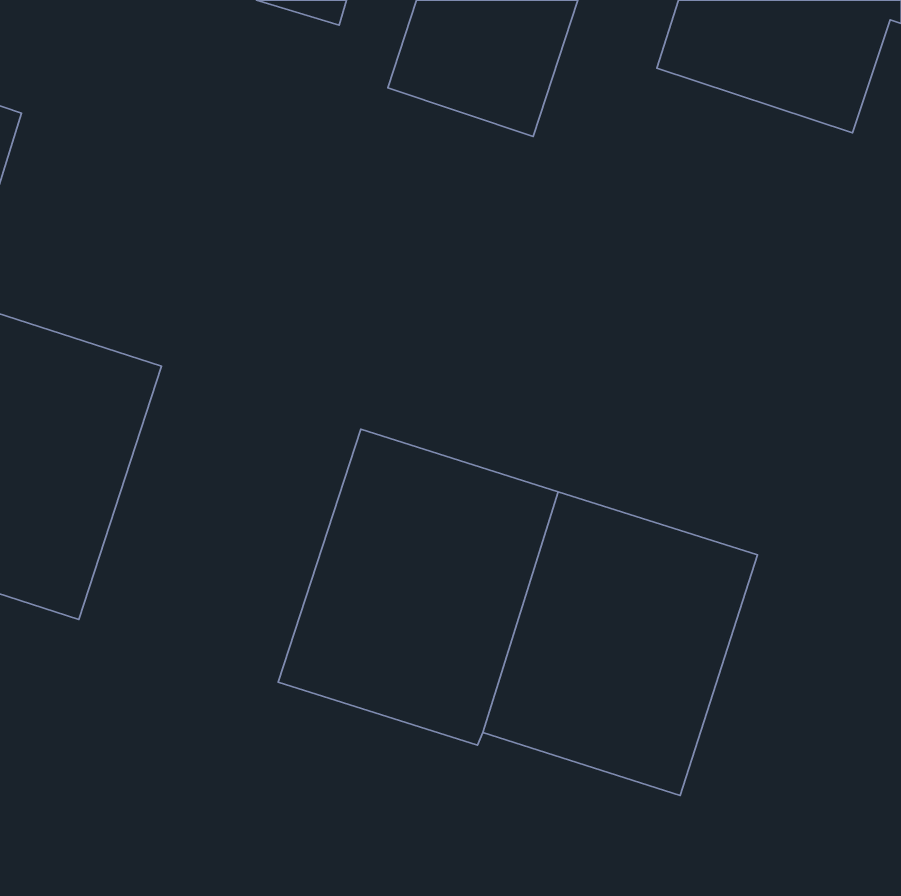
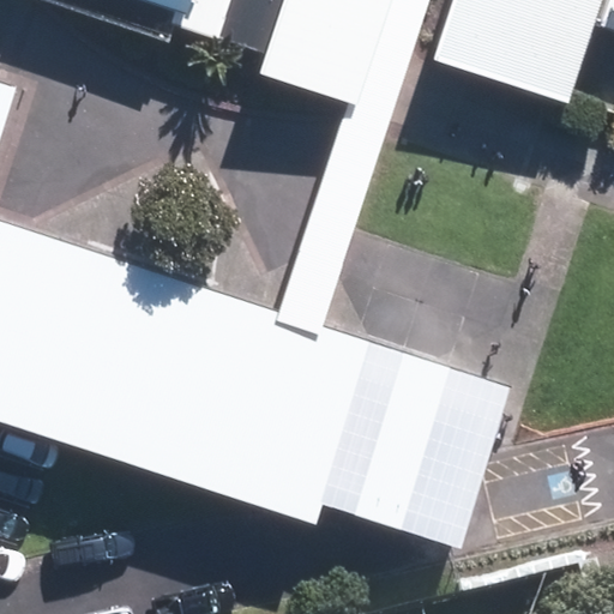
building: none -> [53,259,241,470]

